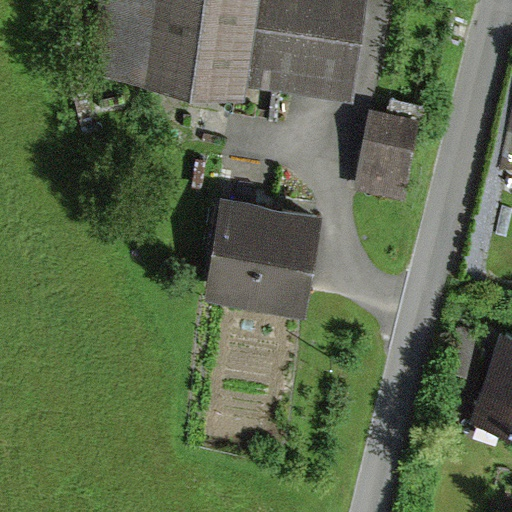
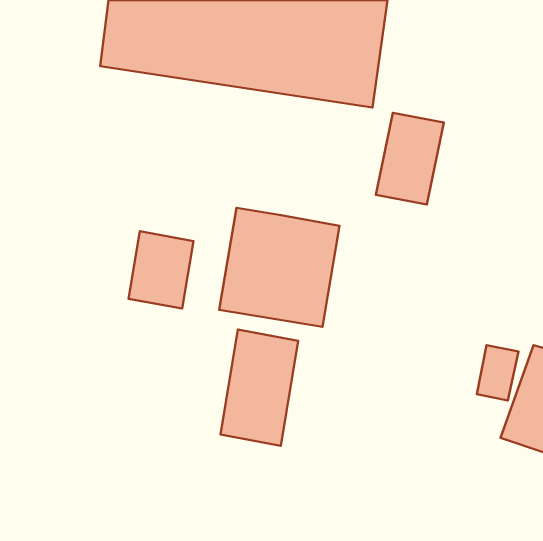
building: none -> [128,231,194,309]
building: none -> [220,330,298,446]

